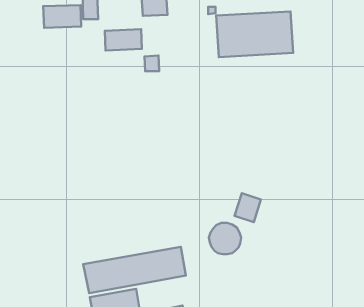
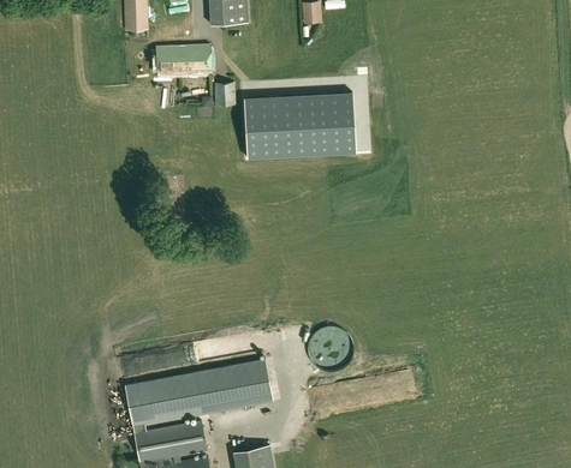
building: [43,5,81,28] -> none
building: [216,12,293,57] -> [243,92,355,158]
building: [234,193,261,222] -> none

